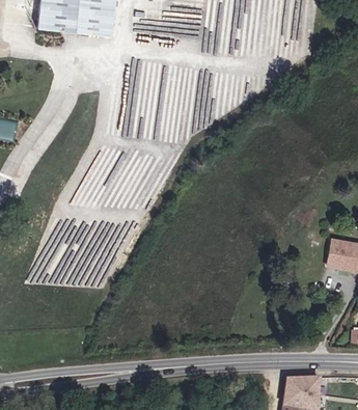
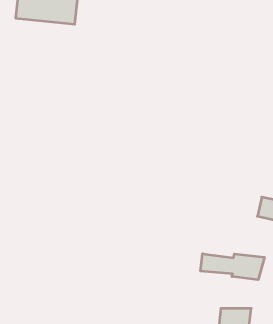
building: none -> [201,254,264,280]

